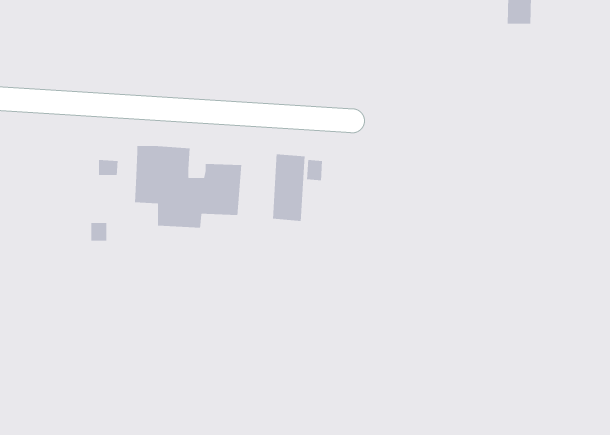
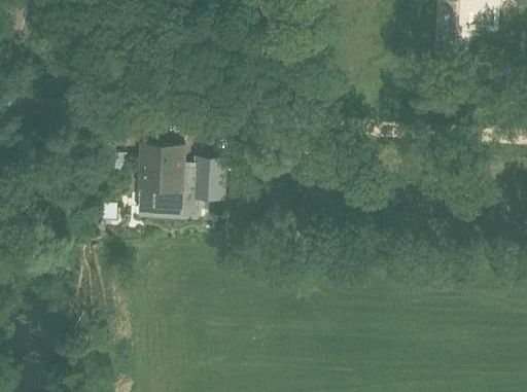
building: [272,153,305,222] -> none

